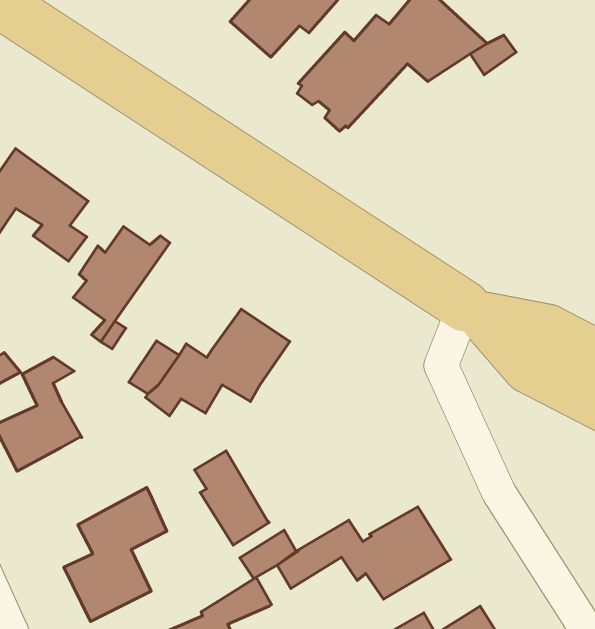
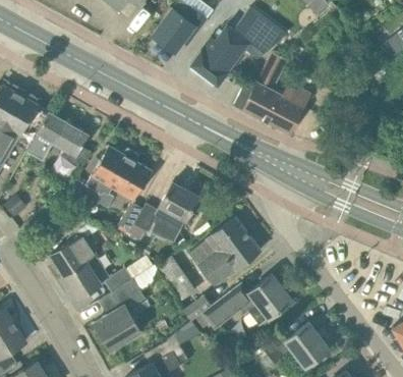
building: none -> [233,53,309,136]
building: none -> [112,153,151,201]
building: none -> [190,218,261,284]
building: none -> [65,257,132,300]

